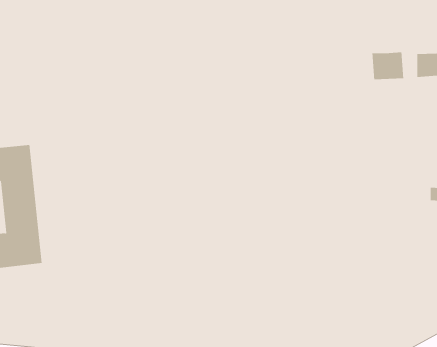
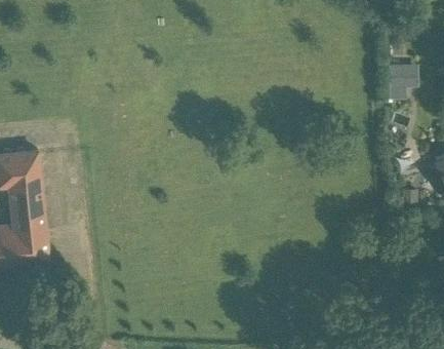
building: [372,52,404,80] -> none

